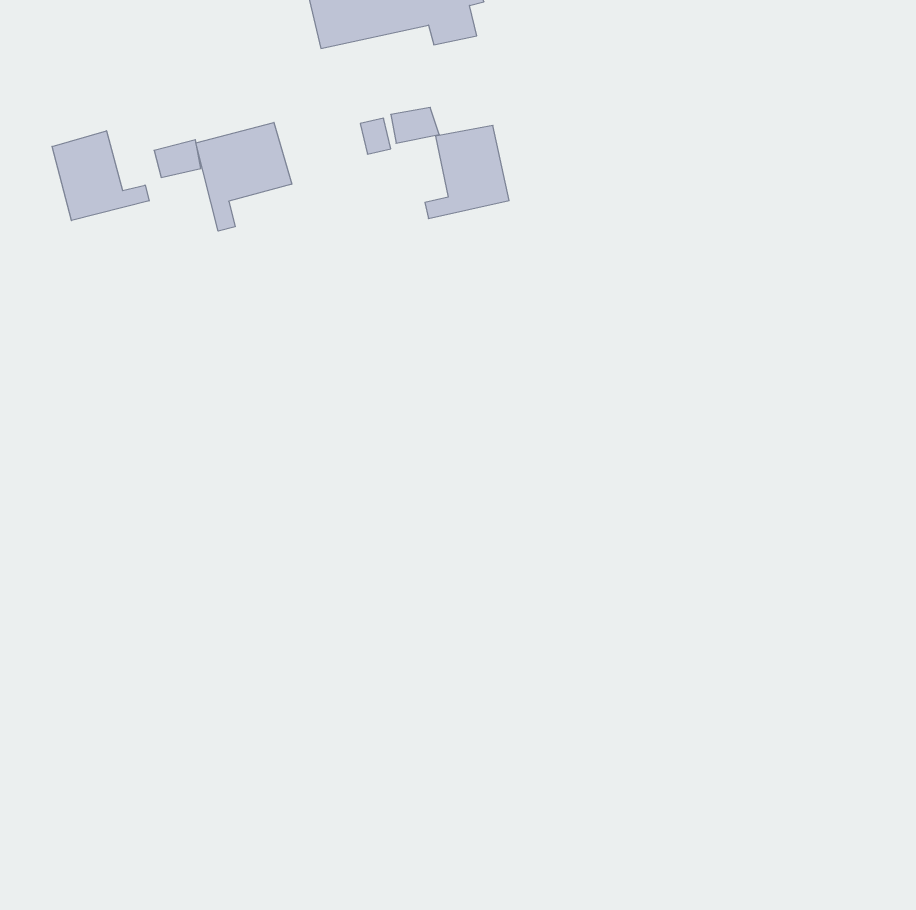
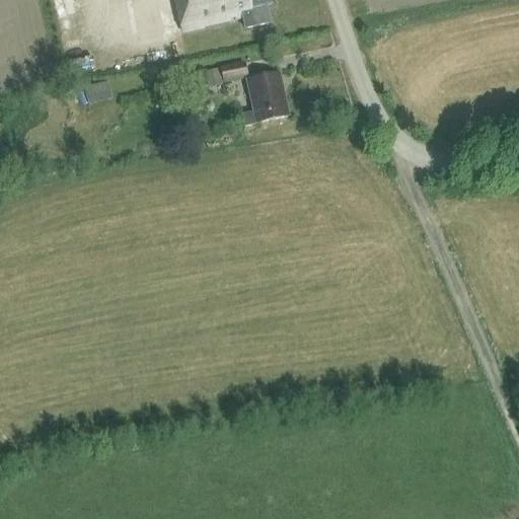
building: [196,122,292,231] -> none
building: [52,131,149,221] -> none

